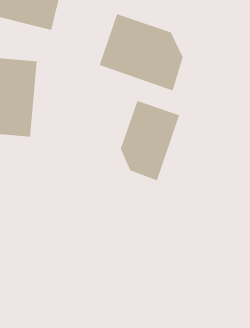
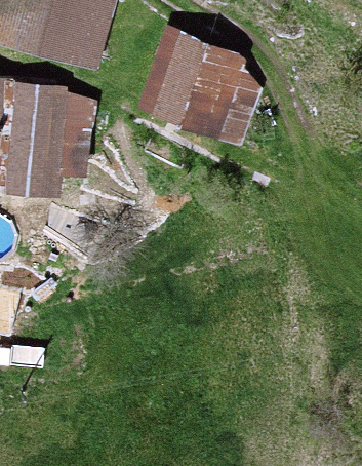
building: [120,100,180,181] -> none

